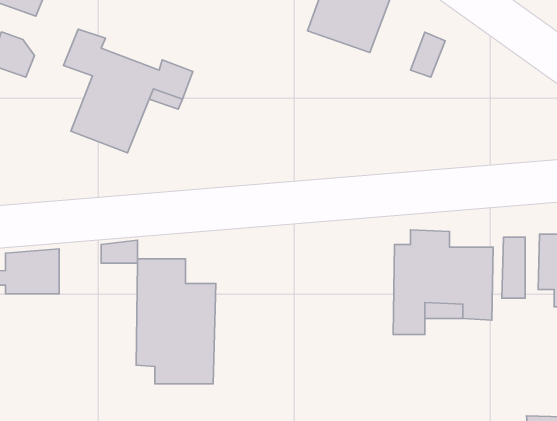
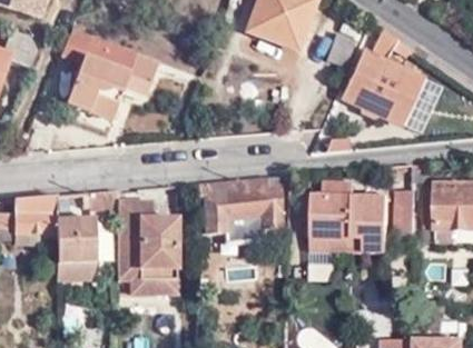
building: none -> [342,27,424,122]
building: none -> [194,176,280,237]
building: none -> [56,220,98,262]

